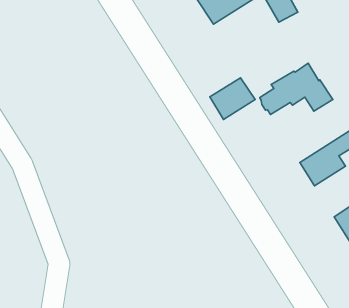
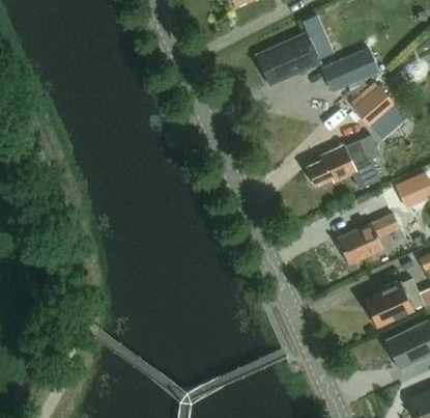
building: none -> [357,89,397,129]
building: [210,78,255,119] -> none

